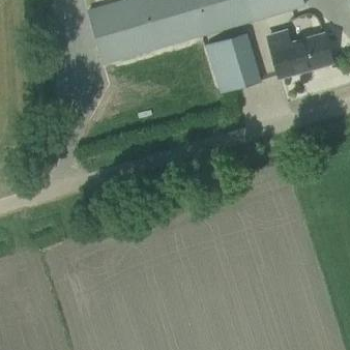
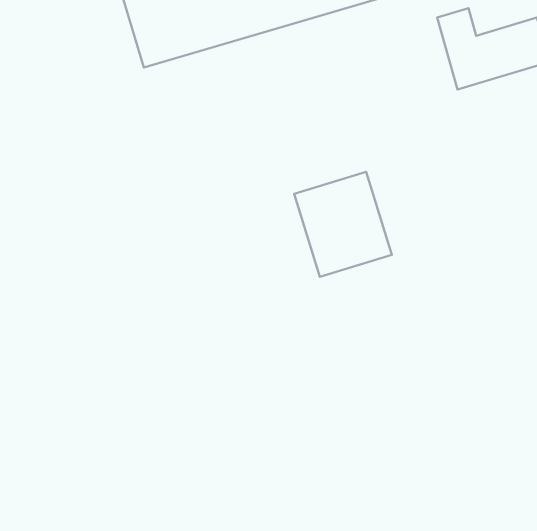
building: [206,33,261,92] -> [294,172,392,277]

